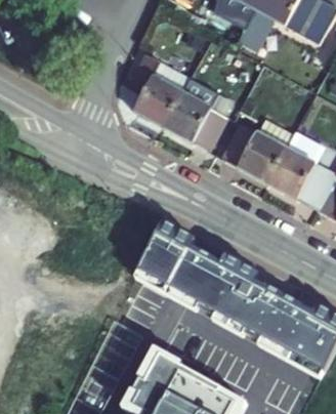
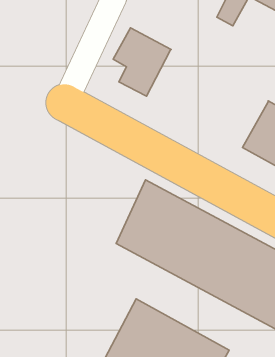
building: [163,77,226,151] -> none
building: [221,115,294,181] -> none

